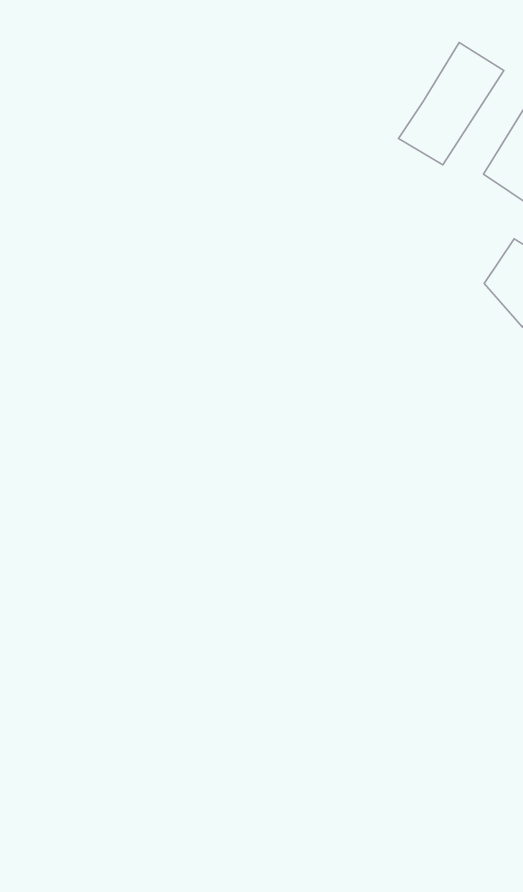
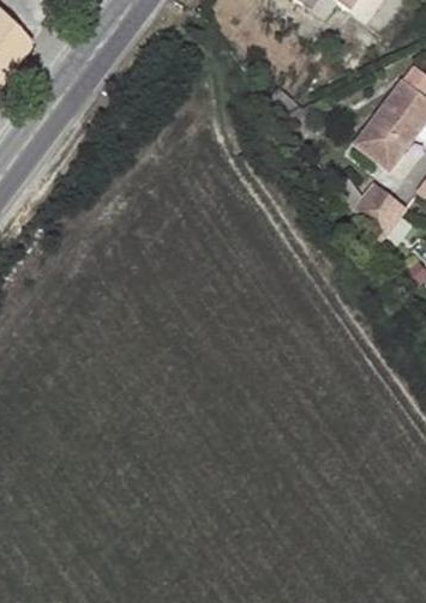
building: [398,43,504,165] -> none

